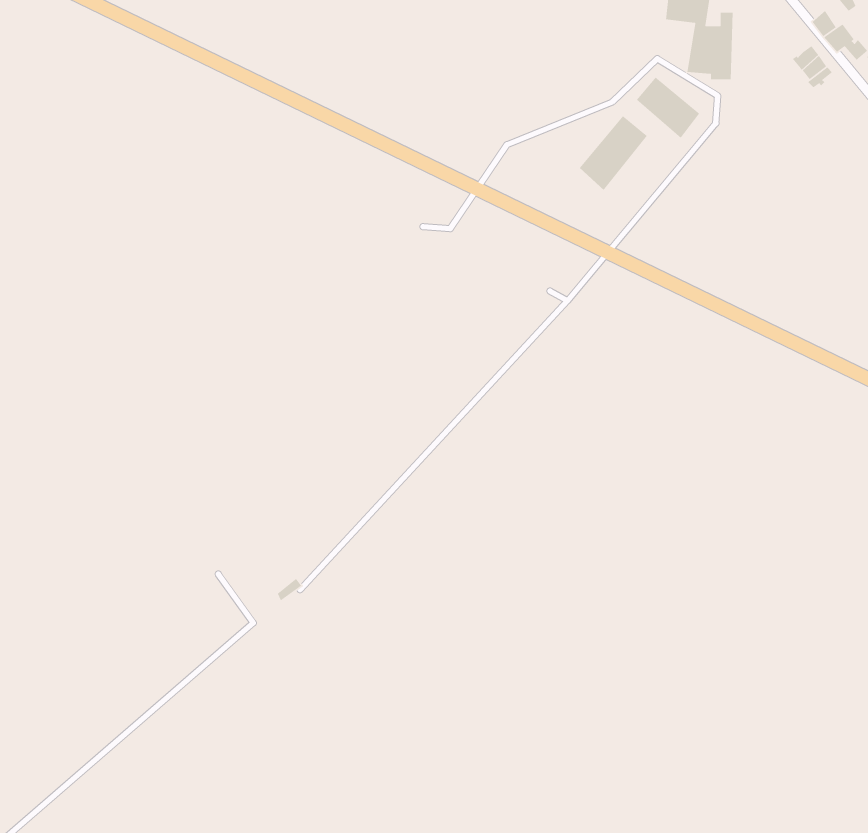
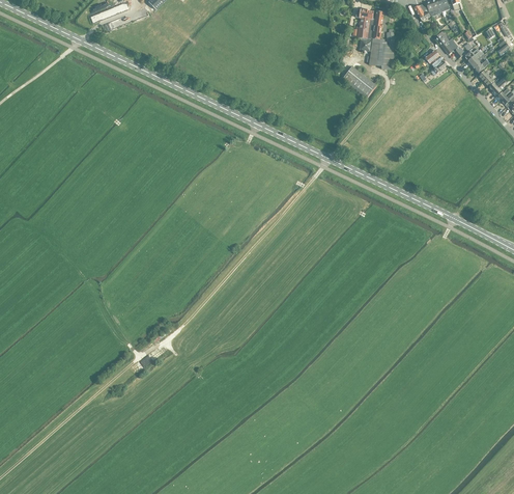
building: [579,115,648,191] -> none

